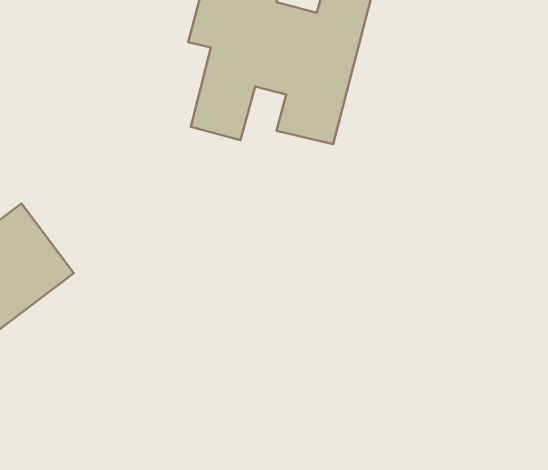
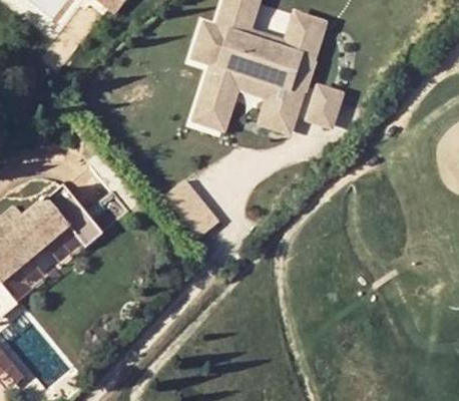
building: none -> [301,80,346,128]
building: none -> [162,176,220,238]

